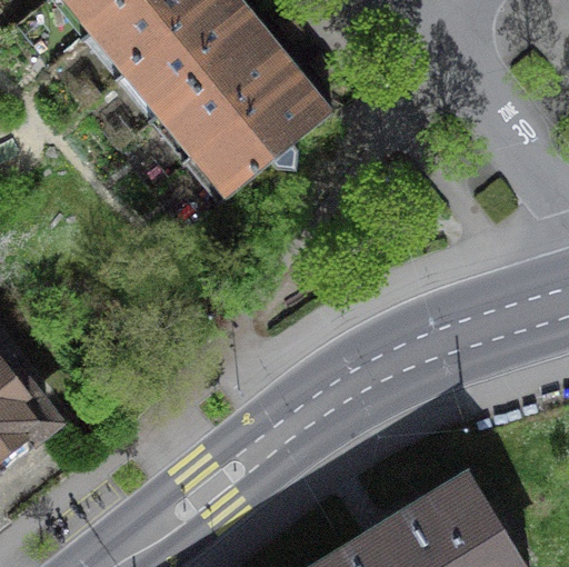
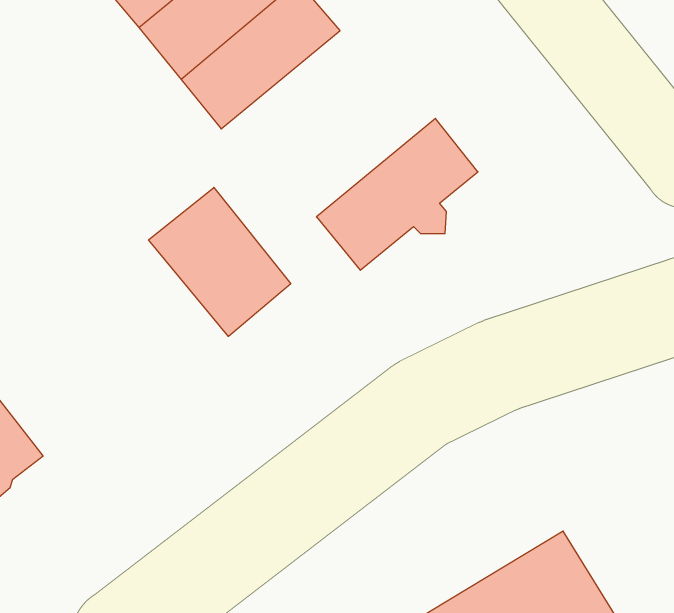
building: [191,74,322,198] -> [316,118,478,270]
building: none -> [149,187,291,336]

